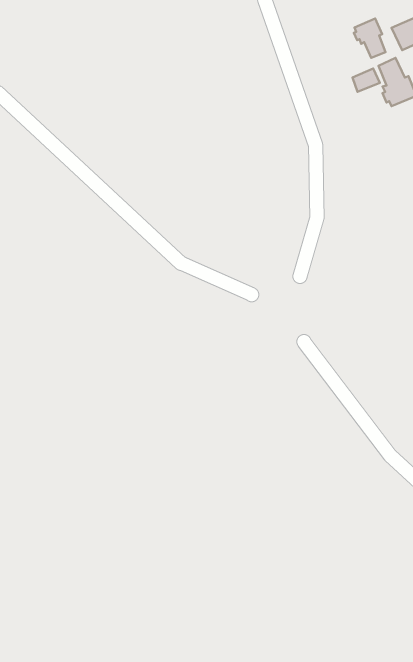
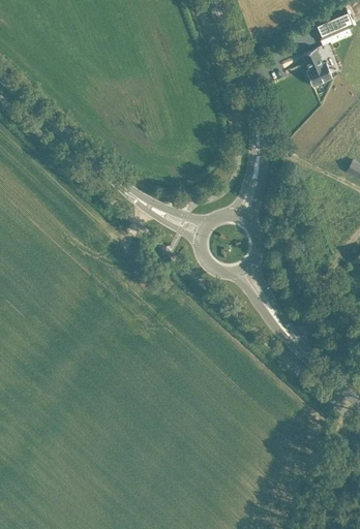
building: [354,18,386,58] -> none

